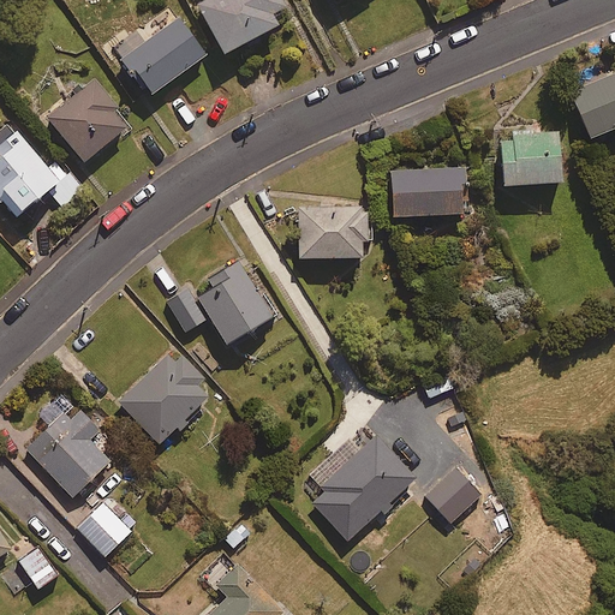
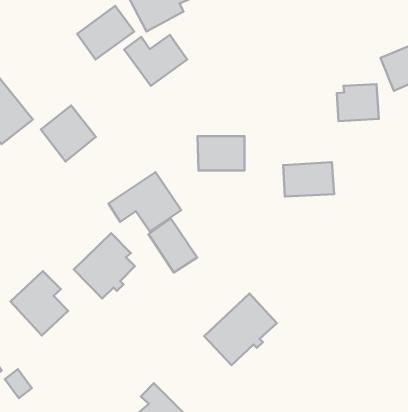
building: none -> [124,35,187,86]
building: [48,80,129,162] -> [41,106,96,162]
building: [392,166,466,216] -> [283,162,334,197]
building: none -> [148,219,197,273]
building: [425,467,482,525] -> none
building: [77,496,137,556] -> none

